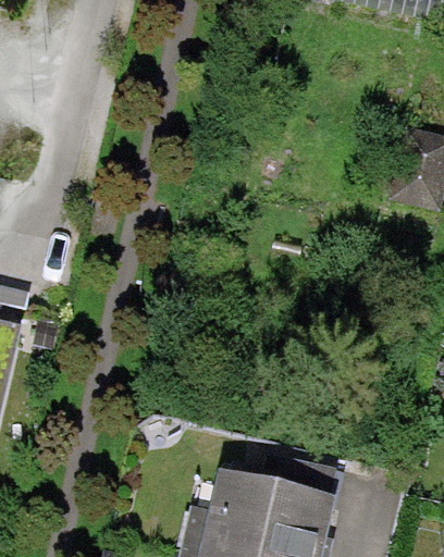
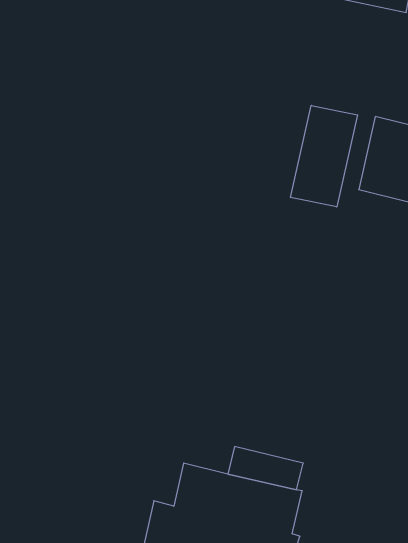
building: none -> [290,105,358,207]

